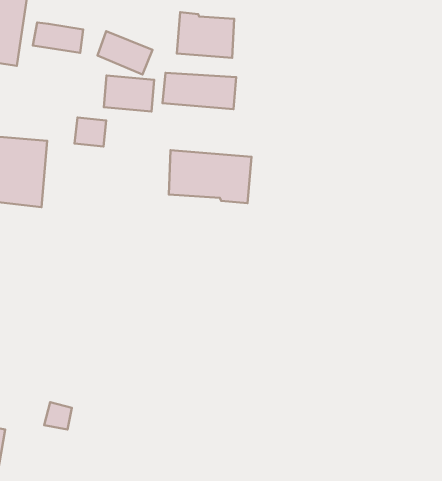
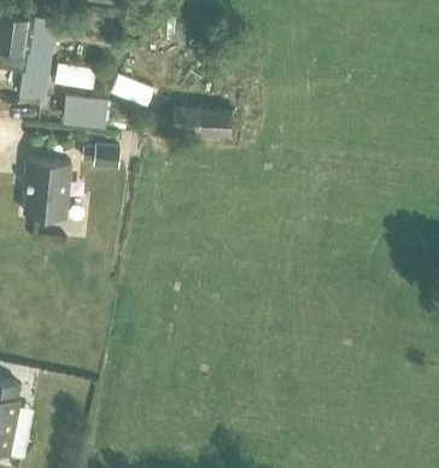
building: [177,12,234,58] -> none
building: [104,75,154,112] -> [65,96,107,127]
building: [169,150,251,203] -> none

